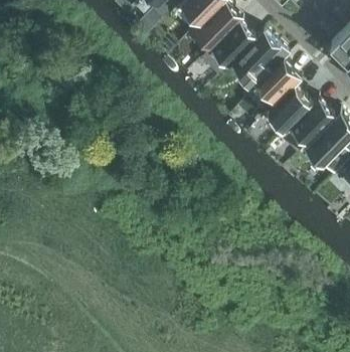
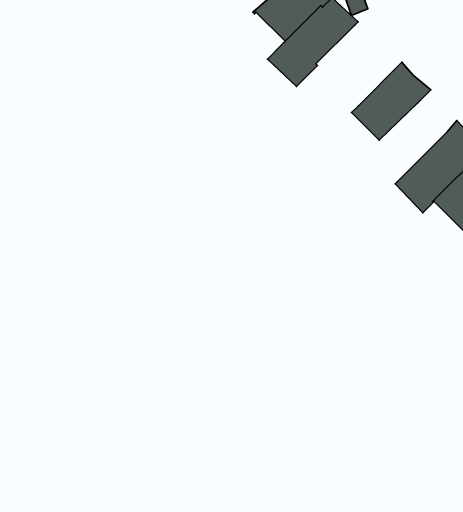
building: [229,27,288,85] -> none
building: [261,83,311,133] -> none

